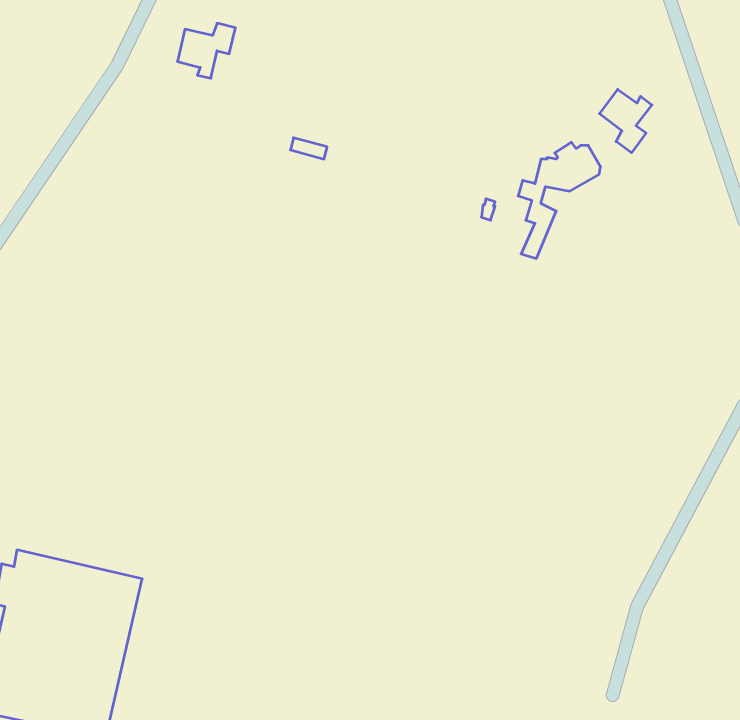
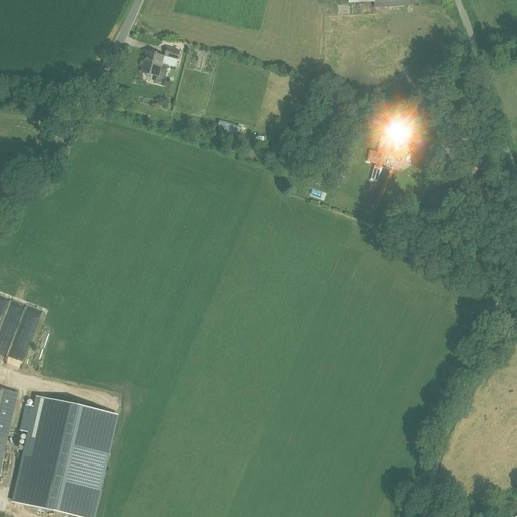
building: [599,89,652,153] -> none

